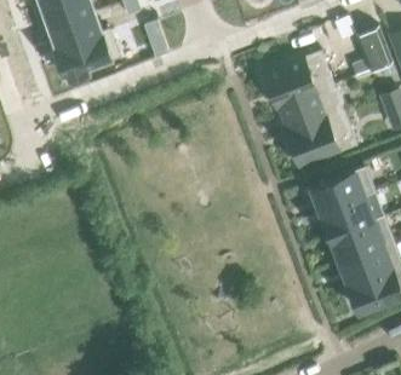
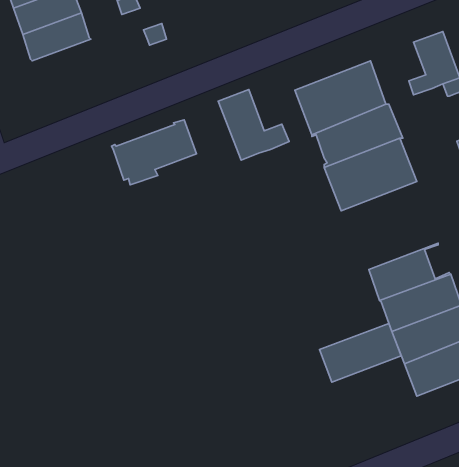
building: [52,29,119,80] -> [112,120,197,185]
building: none -> [218,89,289,160]
building: [310,167,374,213] -> [319,323,401,382]

